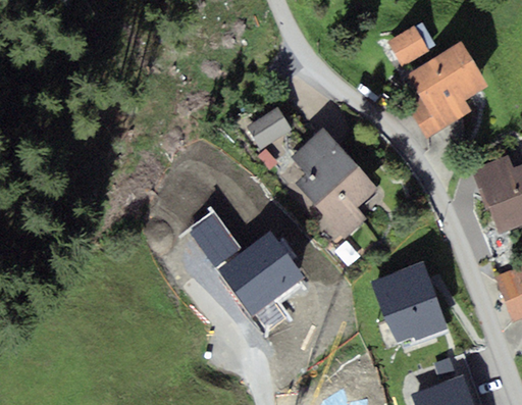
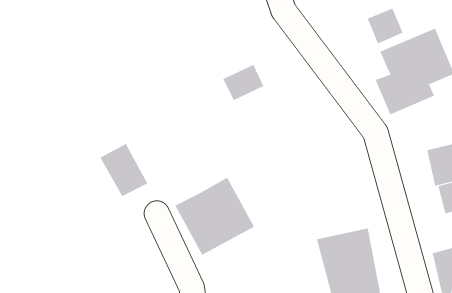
building: [291,128,378,239] -> none
building: [187,212,242,269] -> [100,143,148,197]

